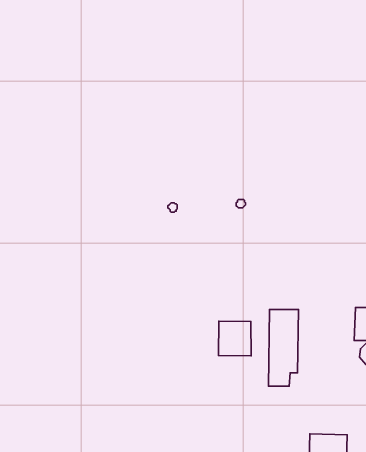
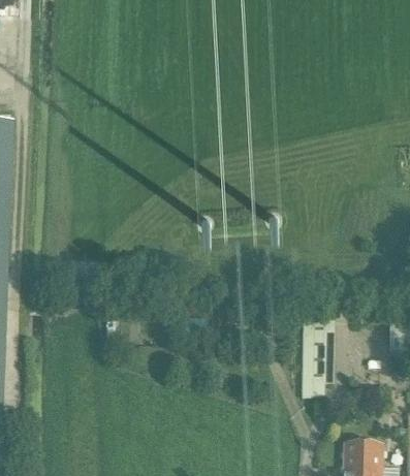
building: [218,321,251,356] -> none

